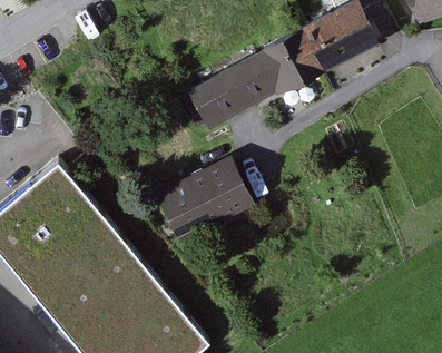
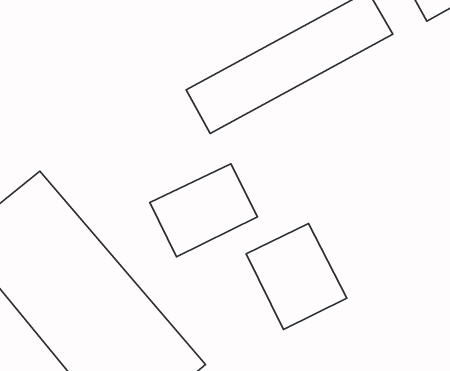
building: none -> [246,223,347,329]

